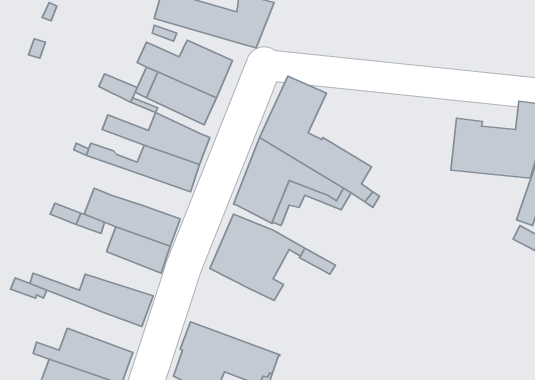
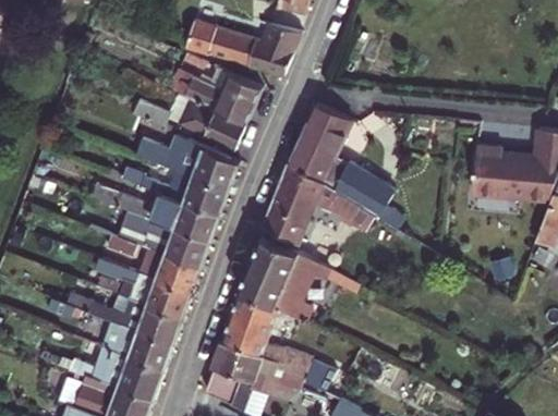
building: none -> [90,185,220,241]
building: none -> [95,257,192,315]
building: none -> [220,289,328,387]
building: none -> [102,322,173,369]

